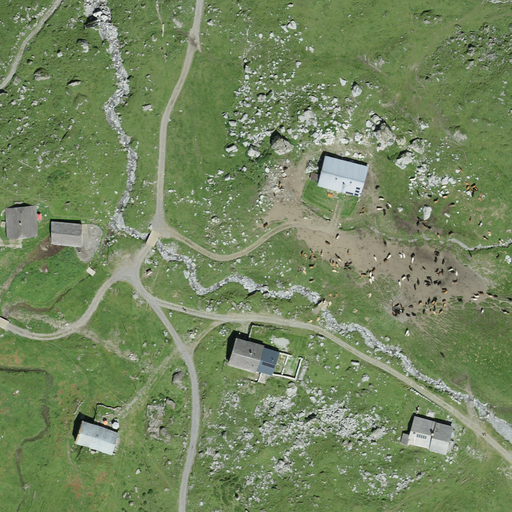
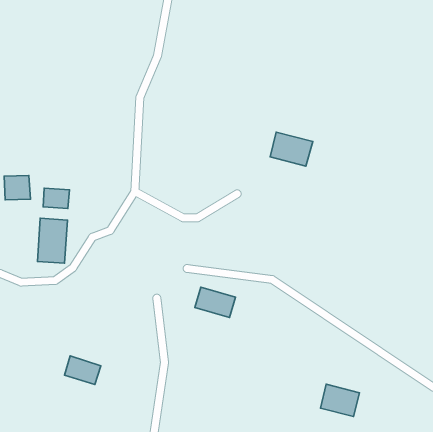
building: none -> [37,218,68,263]
building: [407,416,453,454] -> [320,384,359,416]

